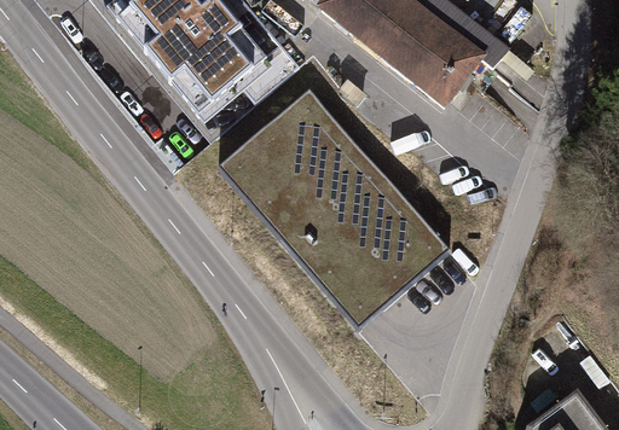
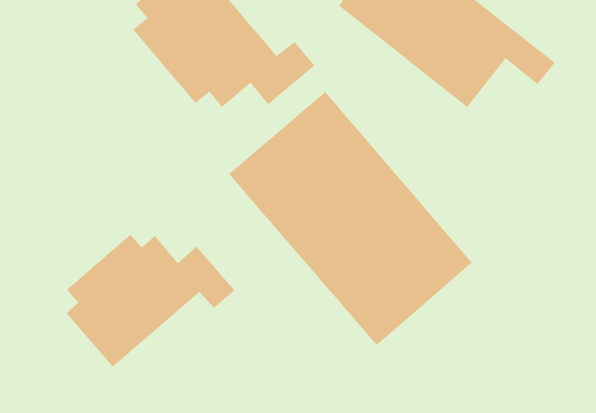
building: none -> [66,234,235,368]

